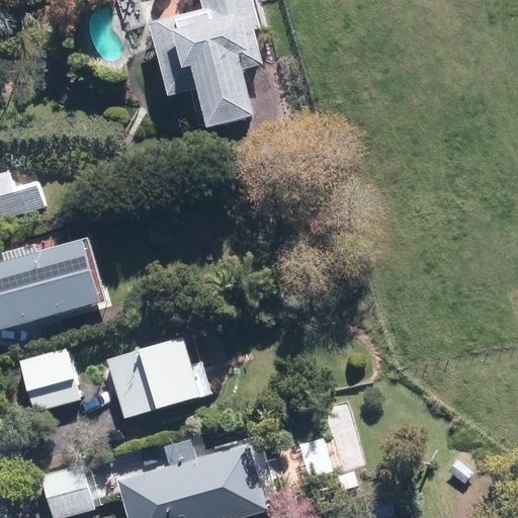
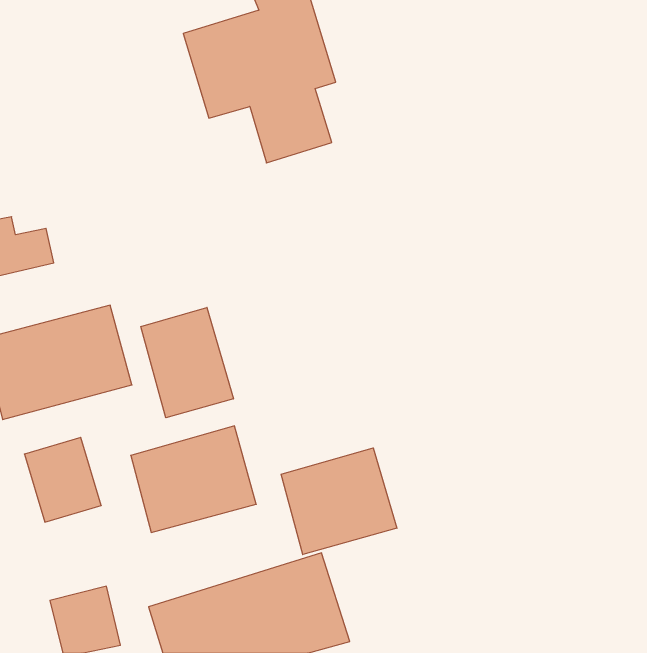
building: none -> [141,307,233,418]
building: none -> [281,448,397,555]

